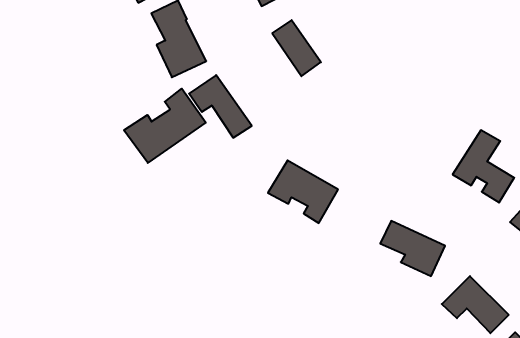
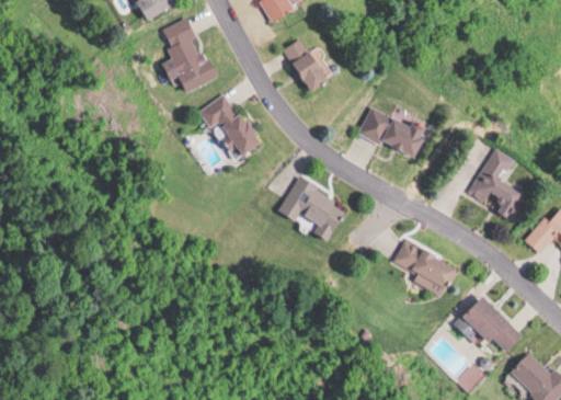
building: none -> [356,104,428,158]
building: [124,89,206,163] -> none

